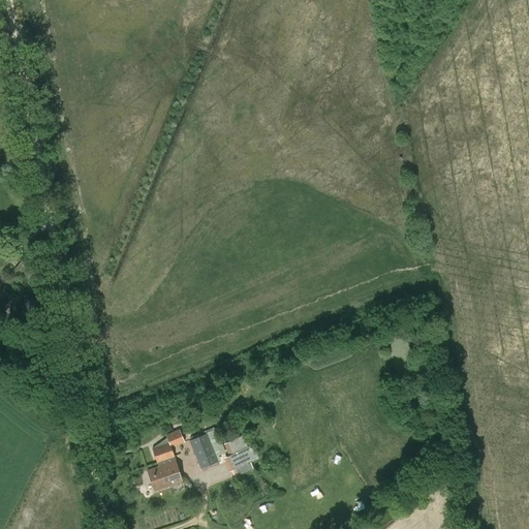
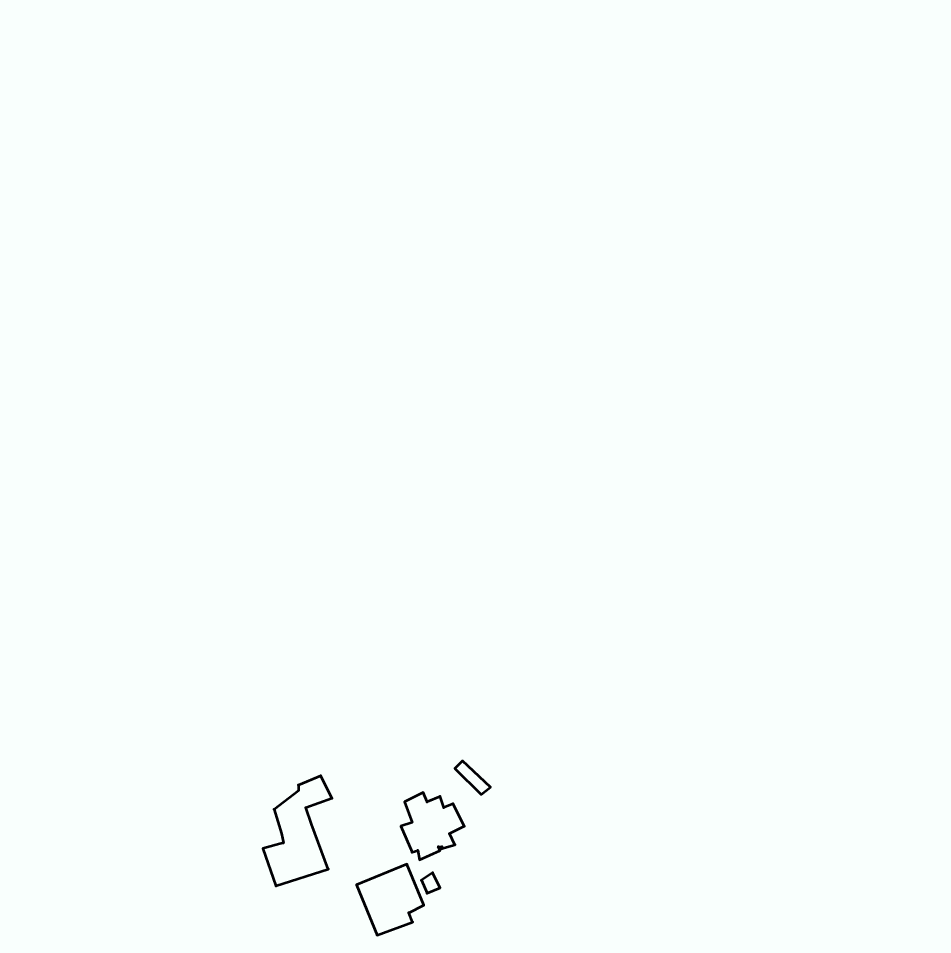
building: [187,430,224,469] -> [357,864,424,935]

